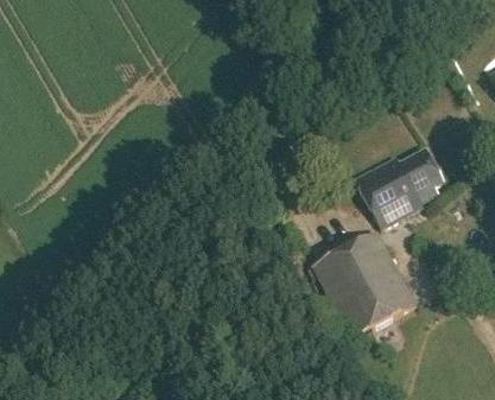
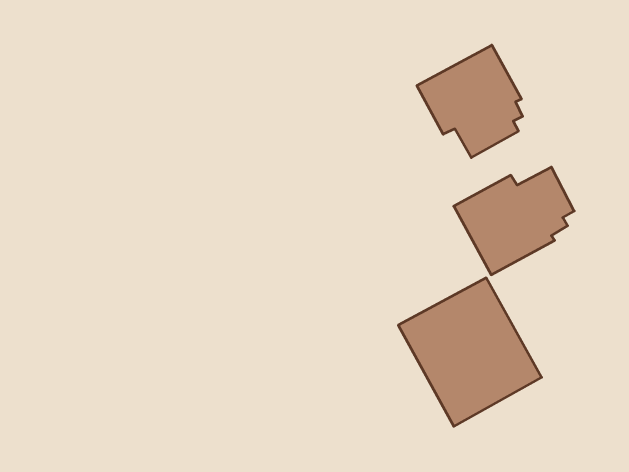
building: none -> [417,45,523,158]

